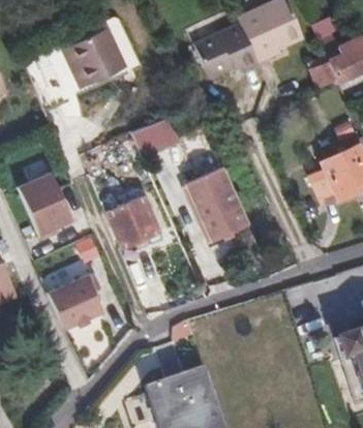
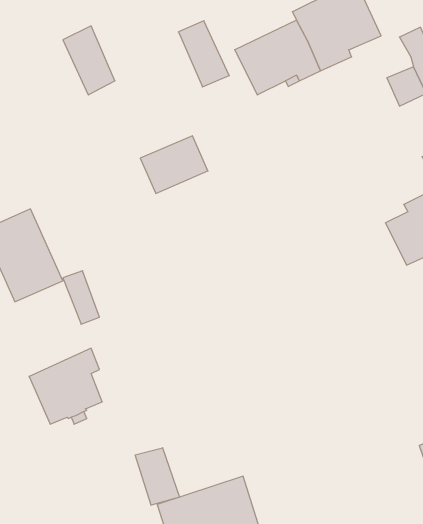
building: [91,24,128,72] -> [178,21,229,87]
building: [189,171,249,242] -> none
building: [103,194,156,246] -> none
building: none -> [135,448,179,505]

